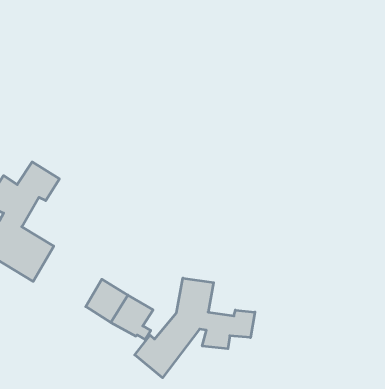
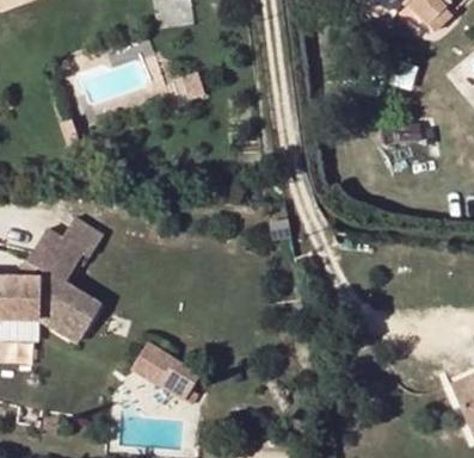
building: [135,278,255,378] -> none

